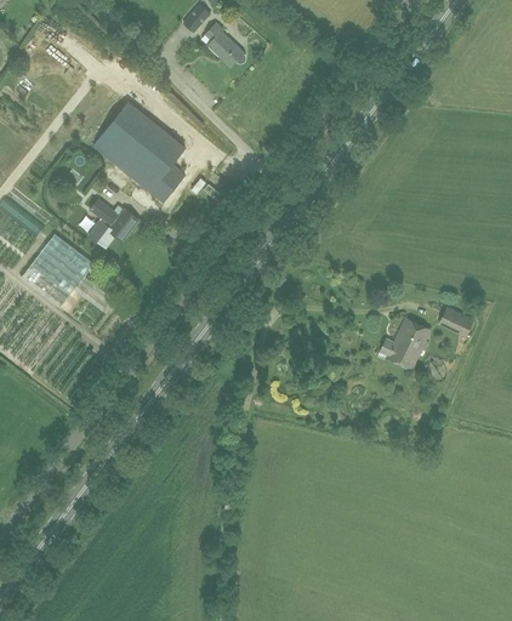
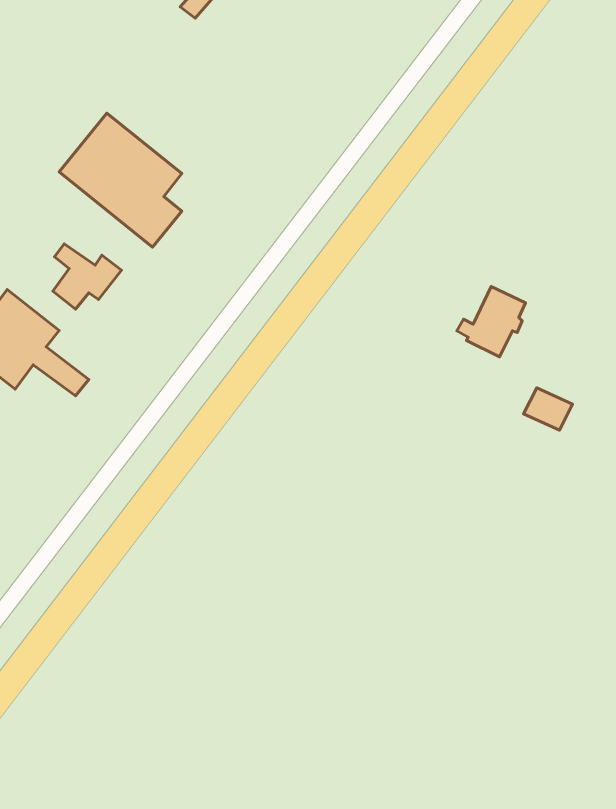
building: [204,22,244,64] -> none
building: [379,317,429,369] -> [457,287,526,357]

